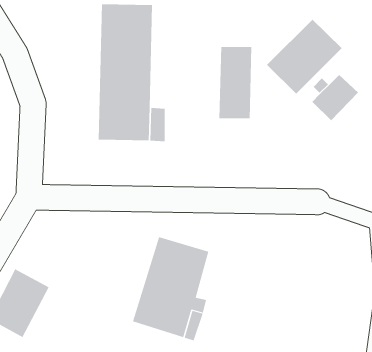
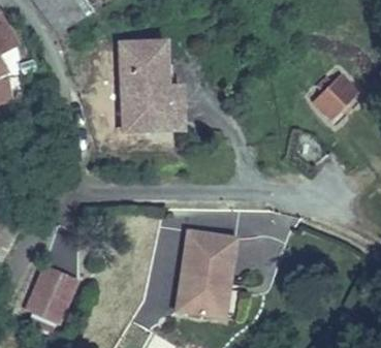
building: [266,19,342,95] -> none
building: [219,46,252,119] -> none

